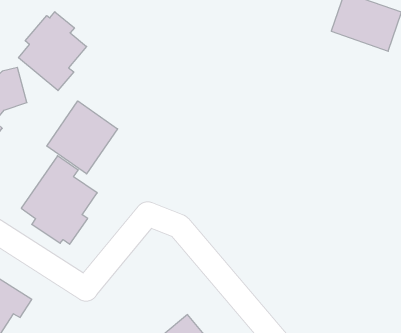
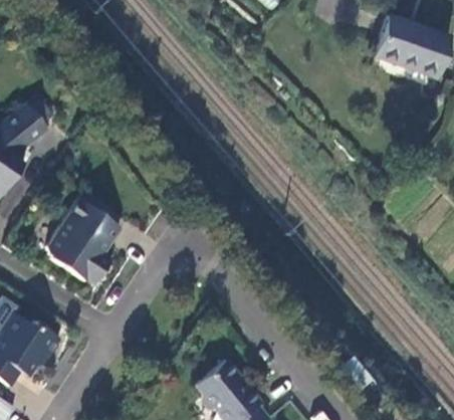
building: [19,12,87,91] -> none
building: [47,101,118,174] -> none

